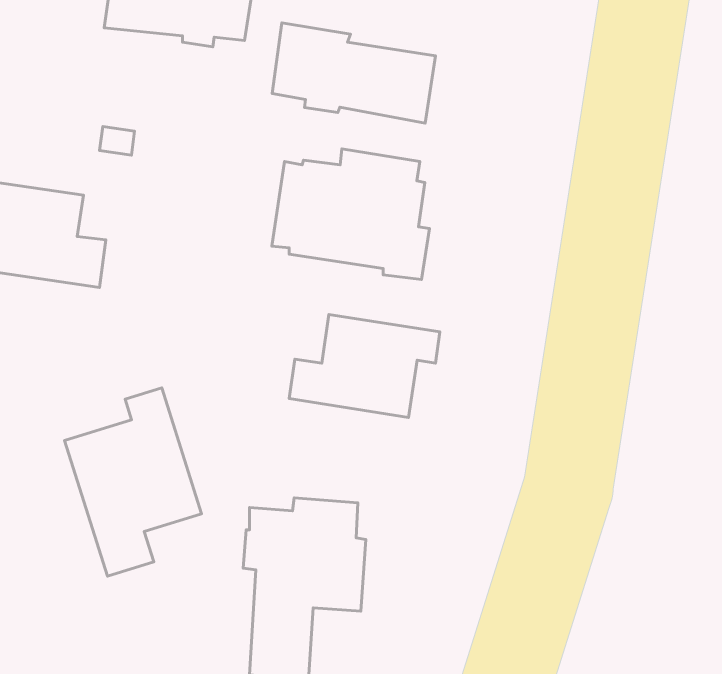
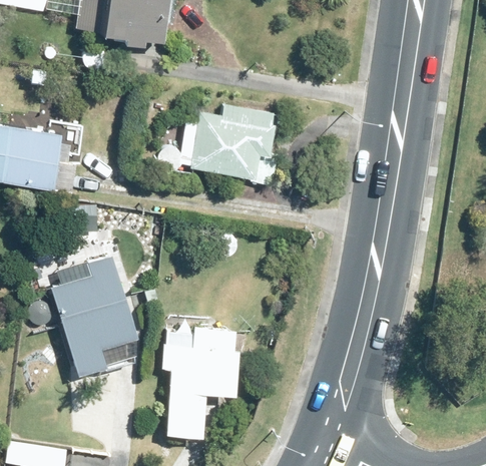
building: [272,23,436,123] -> none
building: [289,314,440,417] -> none

